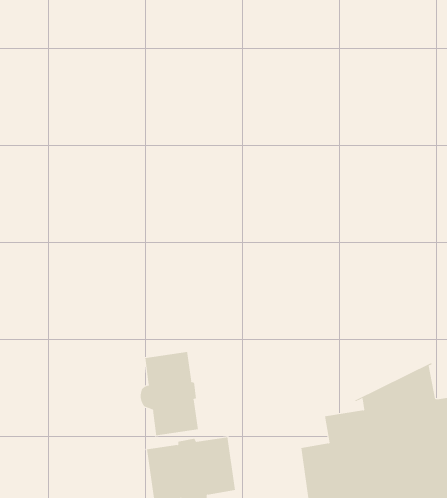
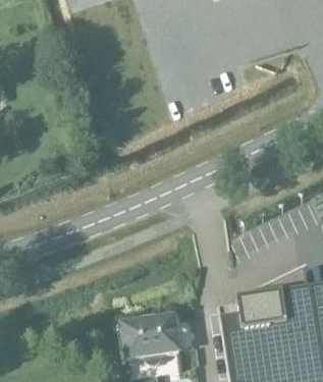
building: [140,351,198,436] -> none

